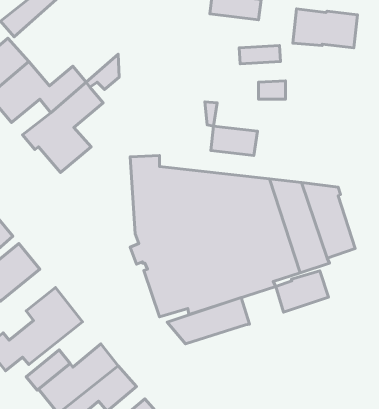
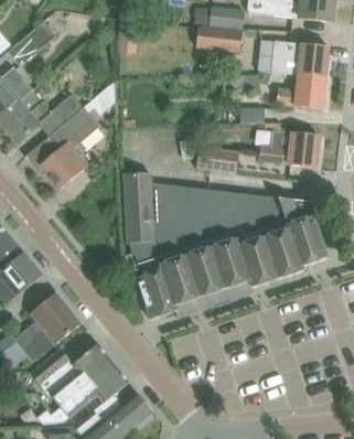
building: none -> [276,73,325,109]
building: none -> [259,130,319,168]
building: [276,271,329,312] -> none
building: [167,298,250,344] -> none

